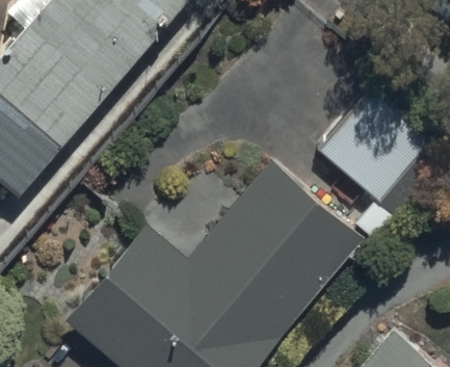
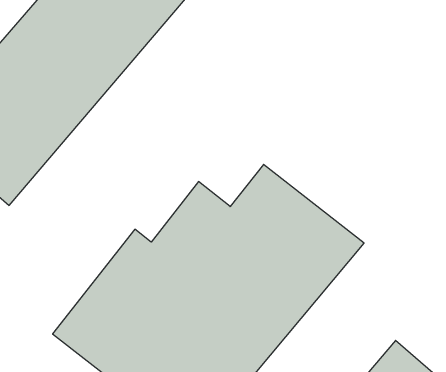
building: [322,89,434,203] -> none

